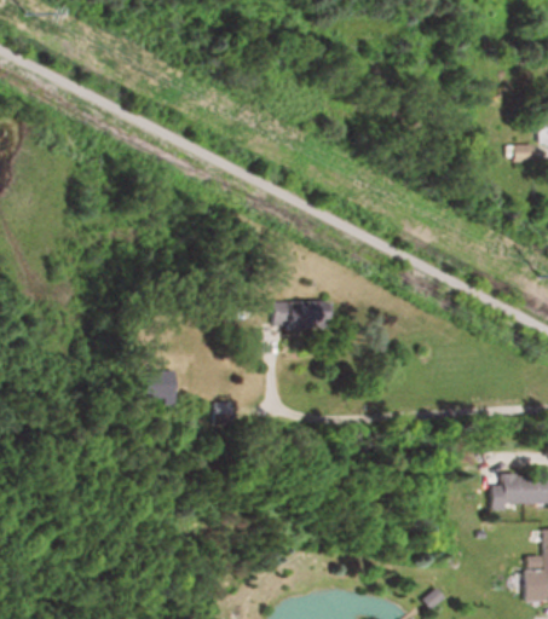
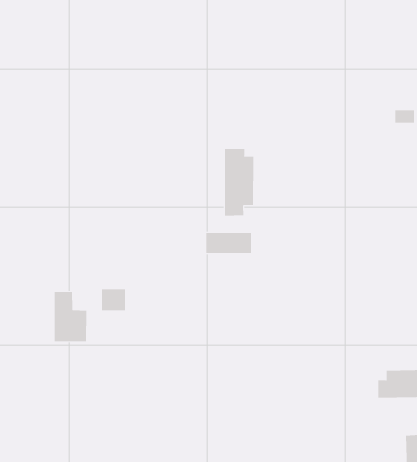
building: none -> [225,148,254,216]
building: none -> [54,291,87,342]

